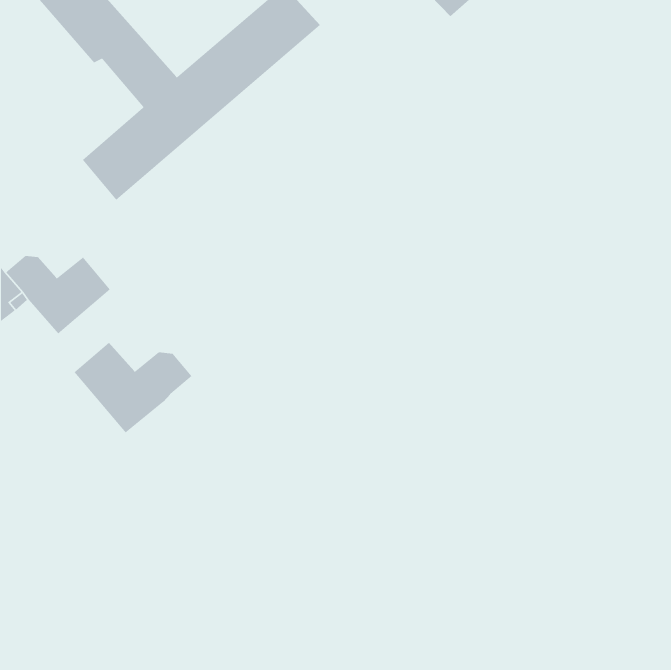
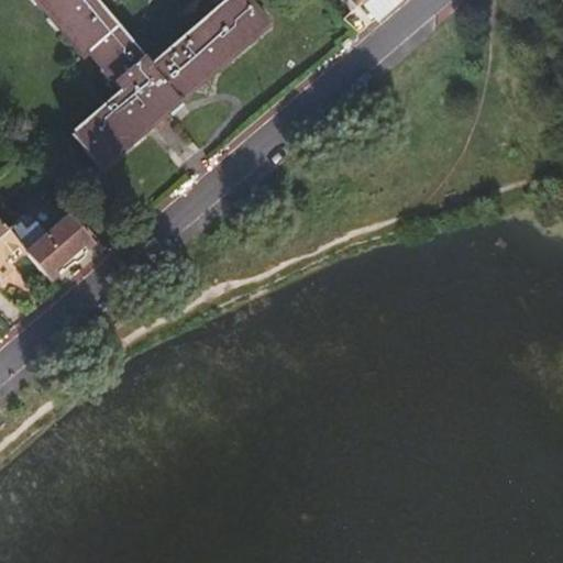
building: [73,342,193,433] -> none

